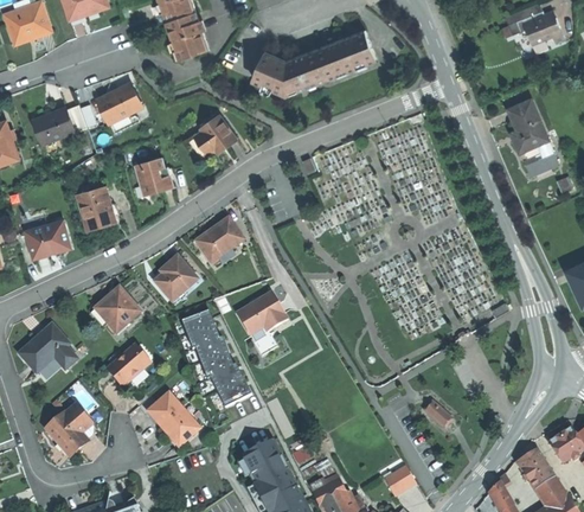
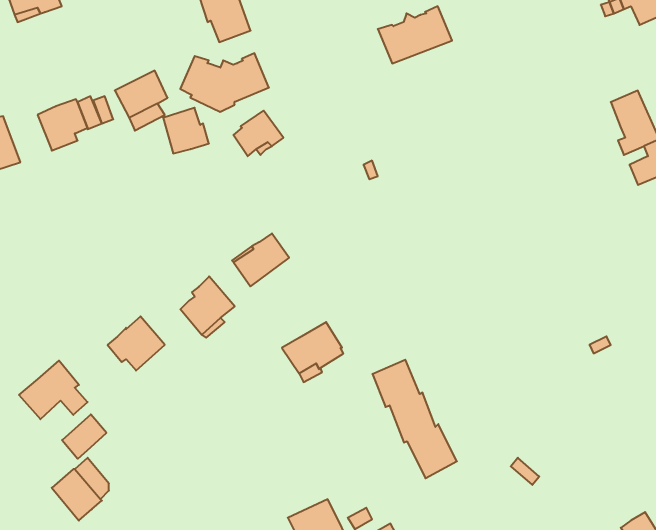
building: [254,49,327,97] -> [180,53,269,112]
building: [135,156,173,194] -> [163,108,209,153]
building: [77,186,114,229] -> none
building: [25,219,70,257] -> none
building: [180,308,250,407] -> [372,360,457,478]
building: [109,347,146,384] -> [62,414,106,459]
building: [146,393,198,446] -> none

